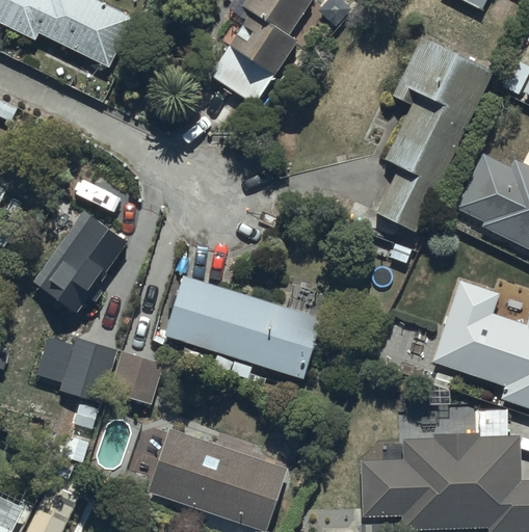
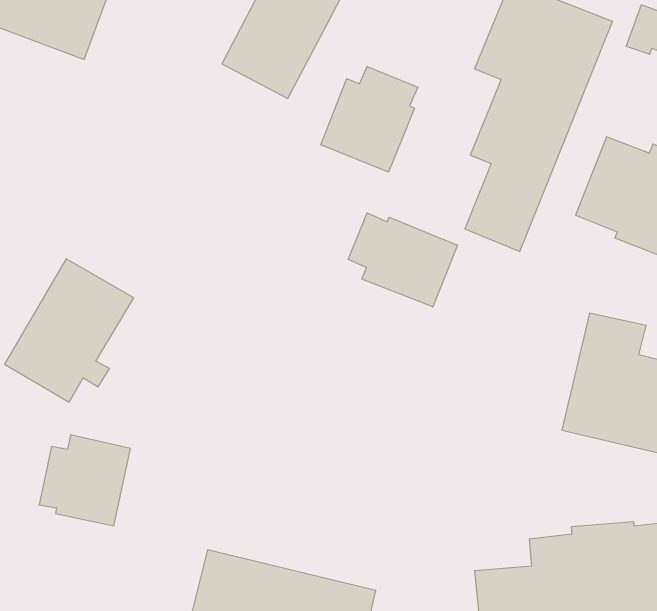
building: none -> [321,66,418,172]
building: none -> [348,213,458,307]
building: [164,275,322,379] -> none
building: [109,351,163,405] -> none

